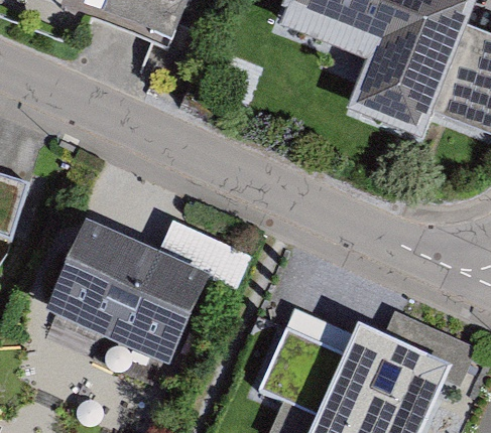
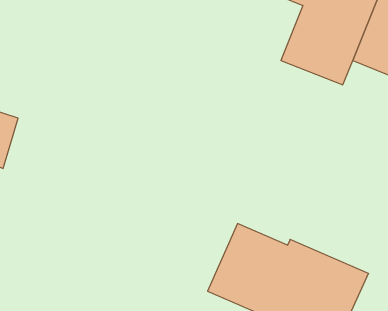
building: [43,223,210,372] -> none

